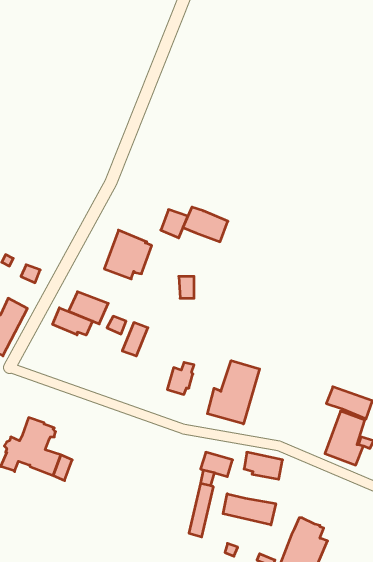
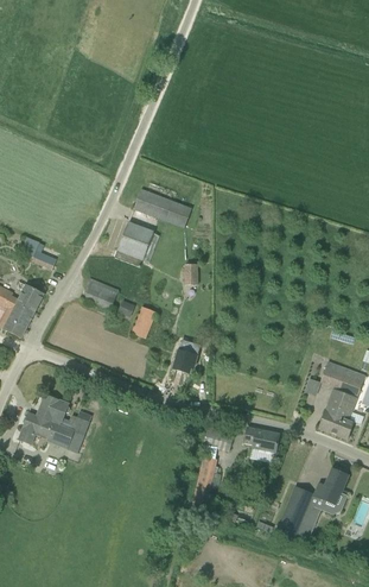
building: [183,207,228,242] -> [133,188,174,220]
building: [53,308,93,335] -> none
building: [207,361,260,424] -> none
building: [223,494,276,525] -> none
building: none -> [314,467,348,503]

